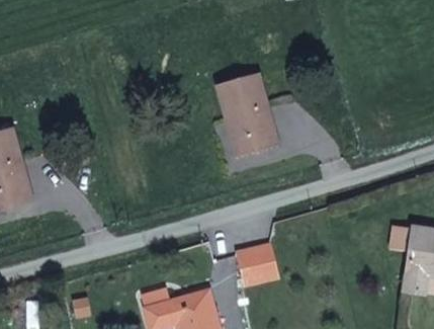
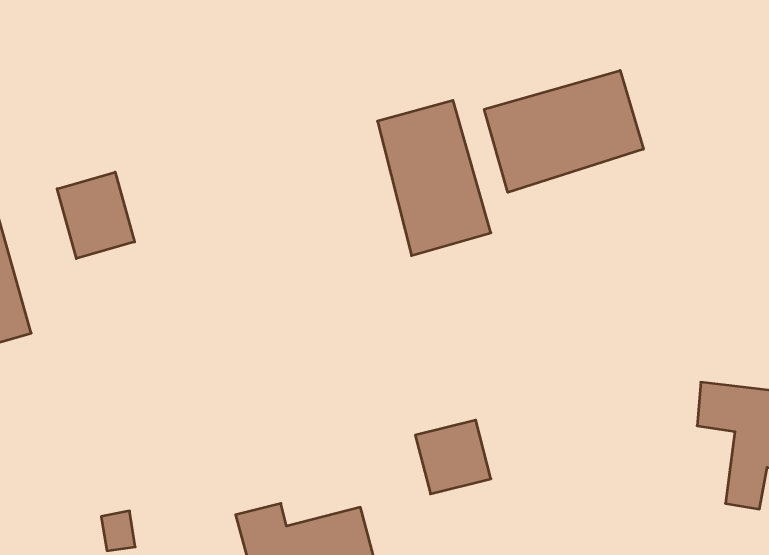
building: none -> [484,70,643,192]
building: none -> [57,172,135,259]

